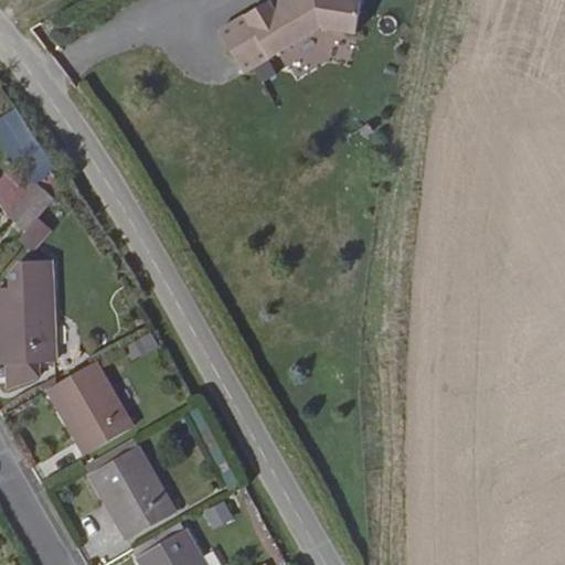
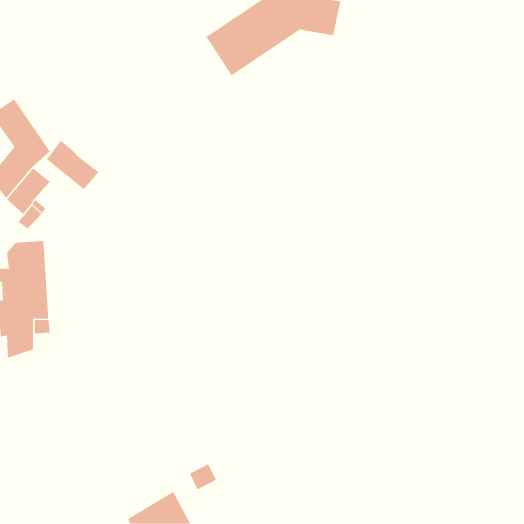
building: none -> [46,140,99,190]
building: [43,361,131,460] -> none
building: [87,445,178,541] -> none

